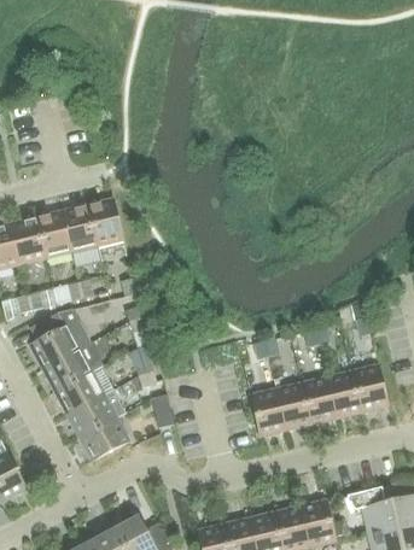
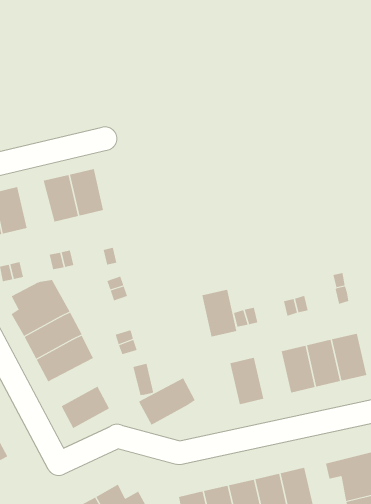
building: [36,210,72,258] -> none
building: [275,382,311,431] -> [201,289,237,337]
building: [66,390,124,438] -> [138,378,195,425]

